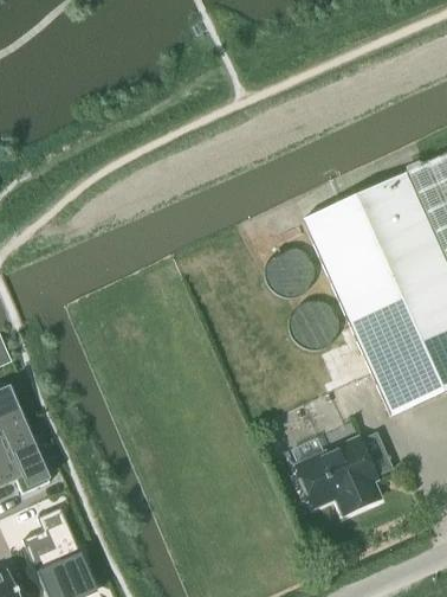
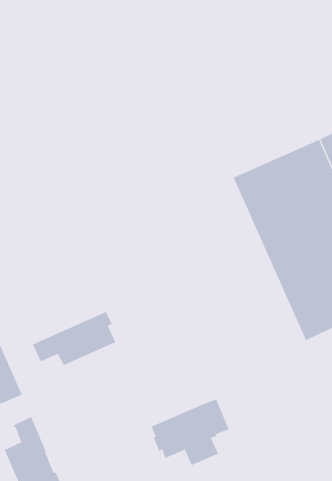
building: none -> [32,311,116,366]
building: [297,431,391,512] -> [151,399,230,466]

